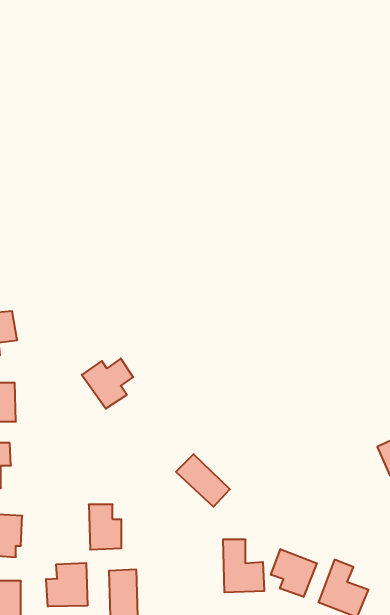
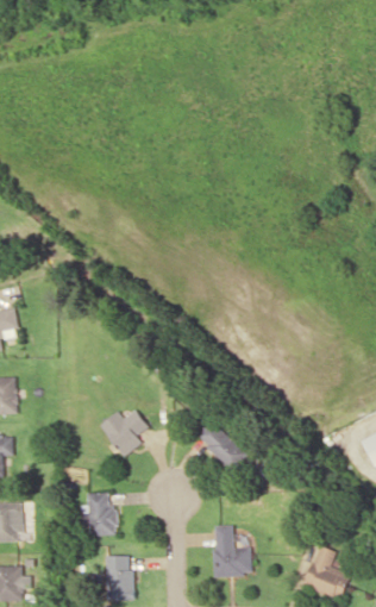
building: [82,358,133,409] -> [99,409,148,457]
building: [176,454,230,507] -> [196,421,247,471]
building: [271,549,317,597] -> none
building: [46,563,87,607] -> none

